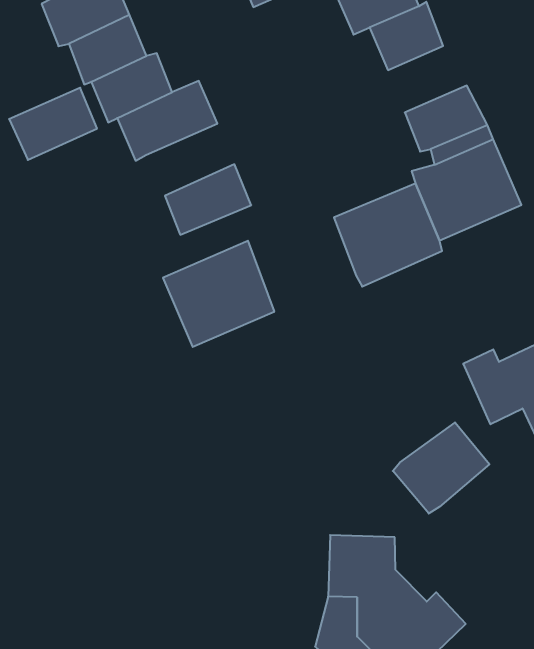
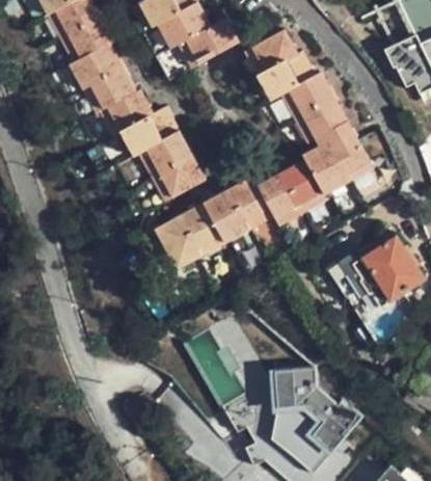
building: none -> [281,71,330,115]
building: [9,88,97,160] -> [139,132,193,179]
building: none -> [206,177,273,243]
building: [393,422,489,514] -> none

